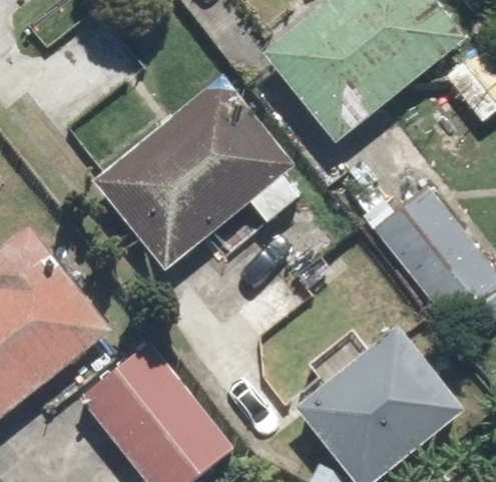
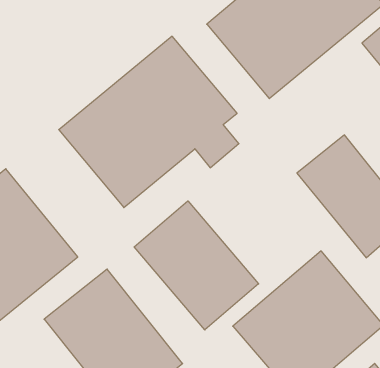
building: none -> [134,201,259,330]

